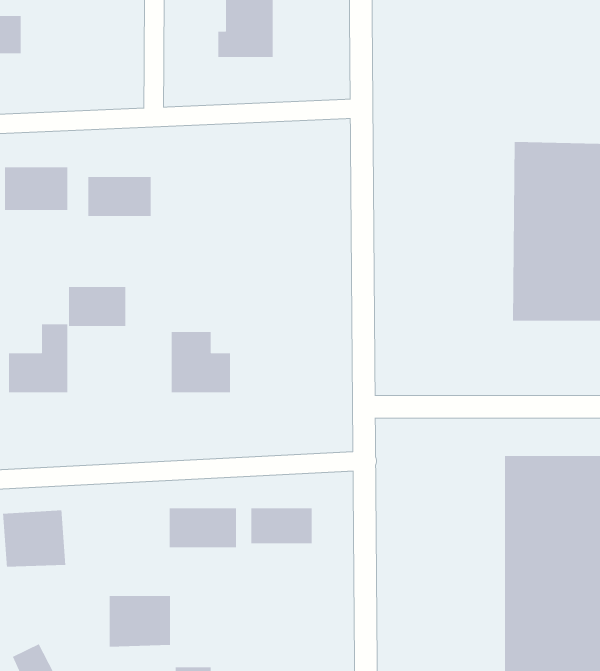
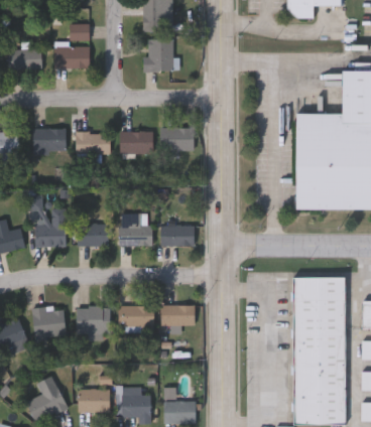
building: none -> [53,46,89,68]
building: none -> [159,128,193,151]
building: none -> [120,132,152,154]
building: [68,286,126,327] -> [77,225,107,246]
building: none -> [160,226,193,246]
building: [109,595,171,647] -> [76,306,108,333]

